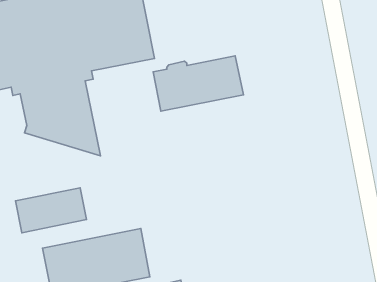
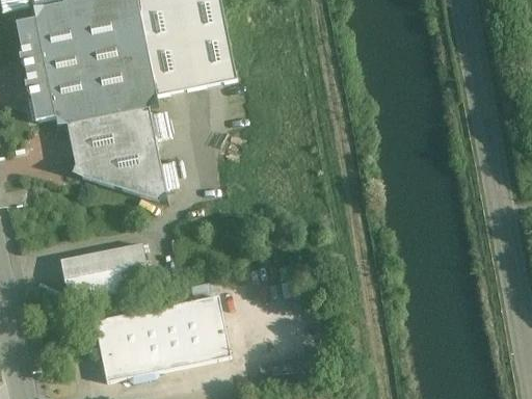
building: [153,56,243,111] -> none

